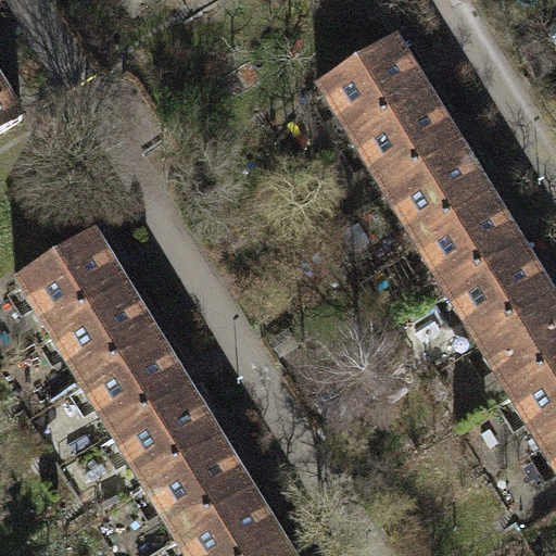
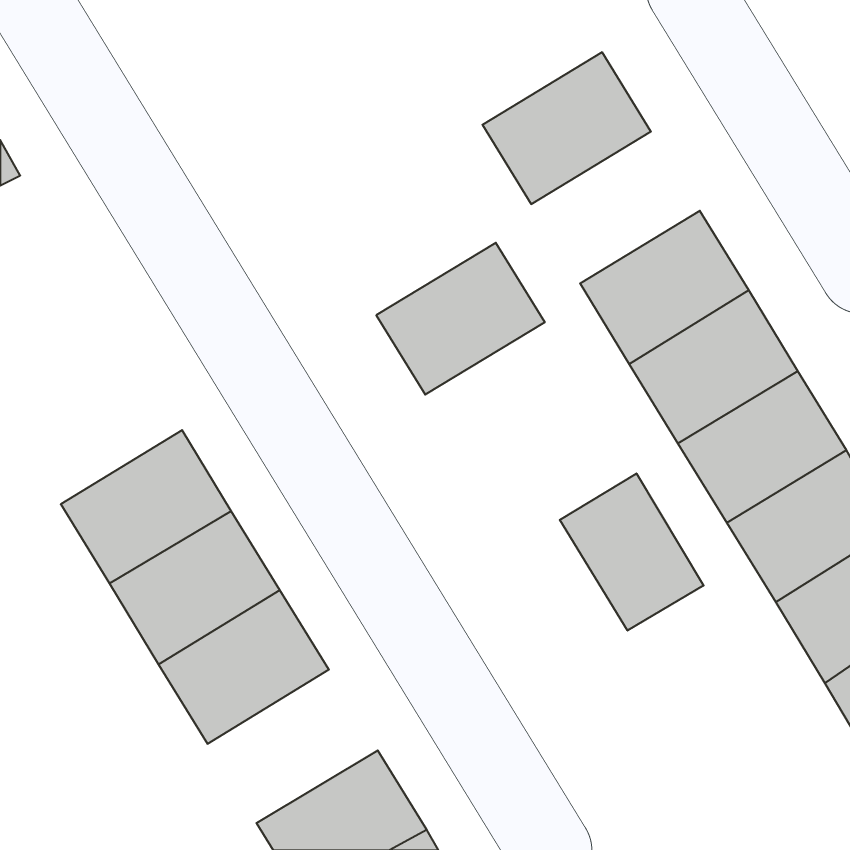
building: [350,85,458,182] -> [376,243,545,395]
building: [15,226,125,325] -> none
building: none -> [560,473,704,631]
building: [141,431,251,530] -> none

